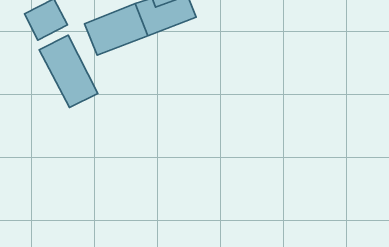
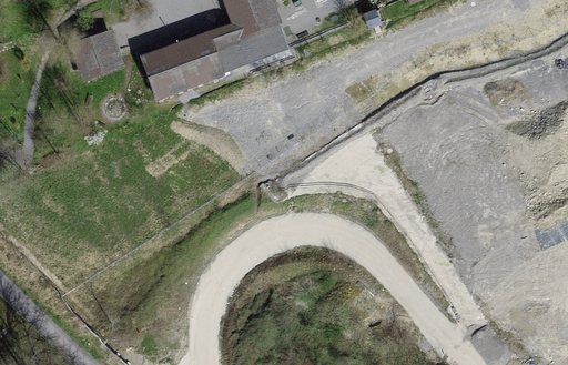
building: [39,35,98,108] -> none

